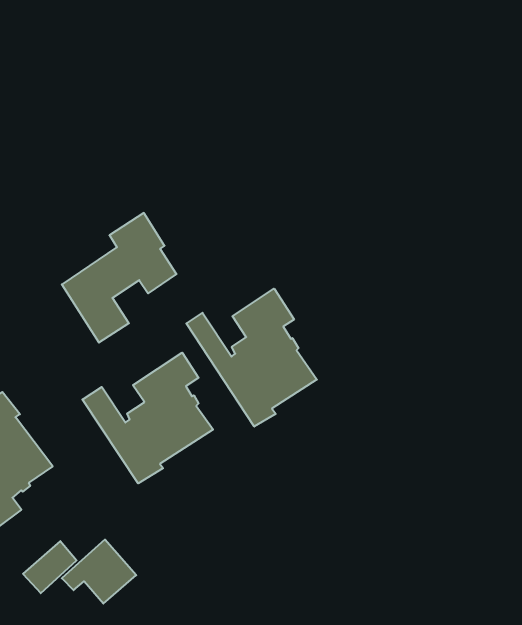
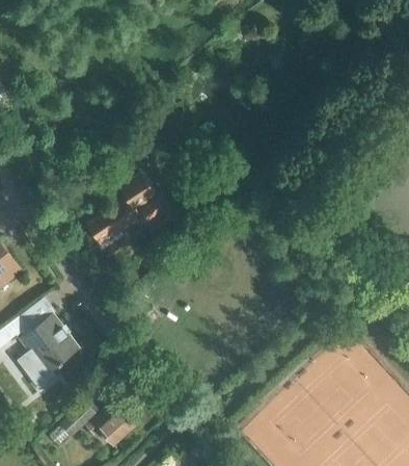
building: [186,289,317,427] -> none
building: [82,353,213,483] -> none

